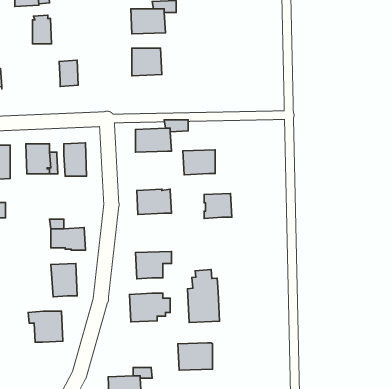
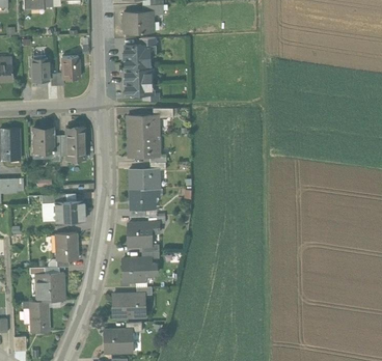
building: [32,15,52,44] -> [32,55,49,80]
building: none -> [126,68,154,95]
building: [183,150,215,175] -> [129,135,157,157]
building: [204,193,232,218] -> [131,189,155,211]
building: [188,269,219,323] -> none
building: none -> [30,301,49,333]
building: [178,343,213,370] -> [114,294,144,317]

